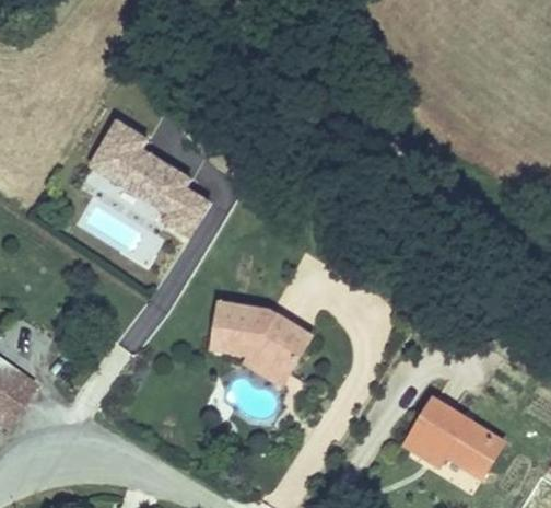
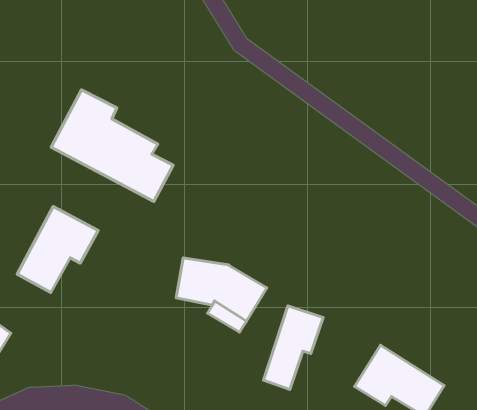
building: none -> [17,206,98,293]
building: none -> [263,306,323,389]

